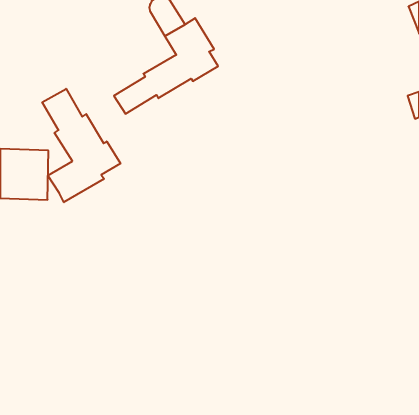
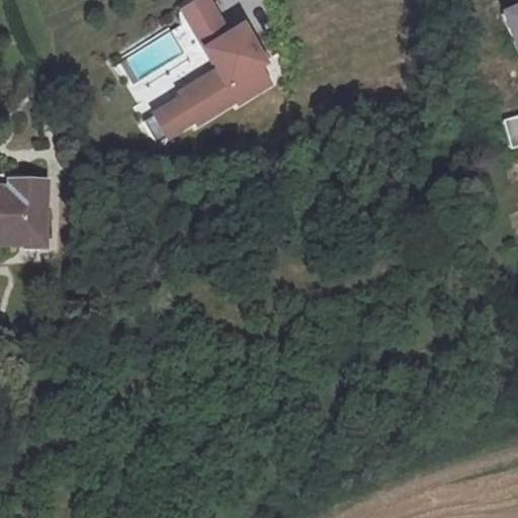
building: [42,89,120,202] -> none

